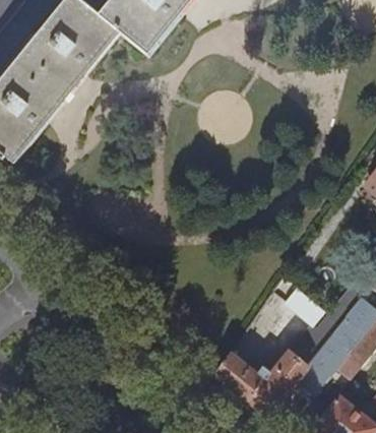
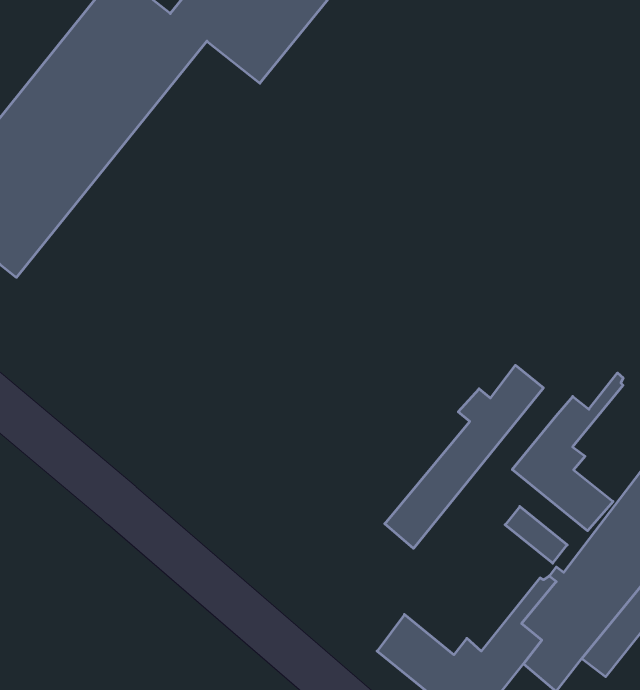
building: none -> [385,365,543,548]
building: none -> [512,373,623,531]

